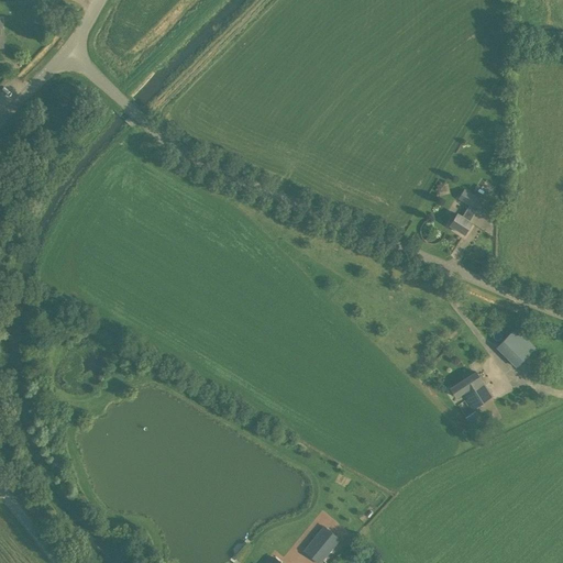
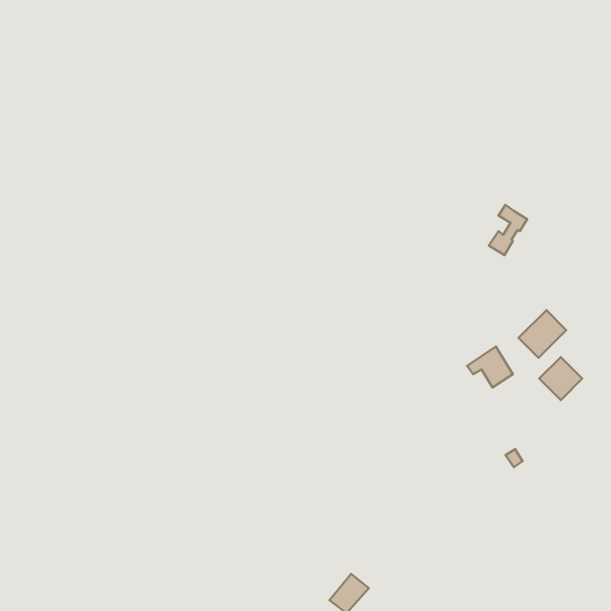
building: none -> [519,310,566,358]
building: [449,373,490,410] -> [467,347,513,387]

